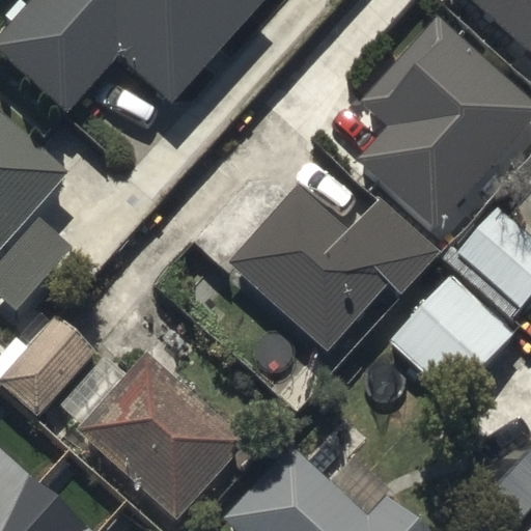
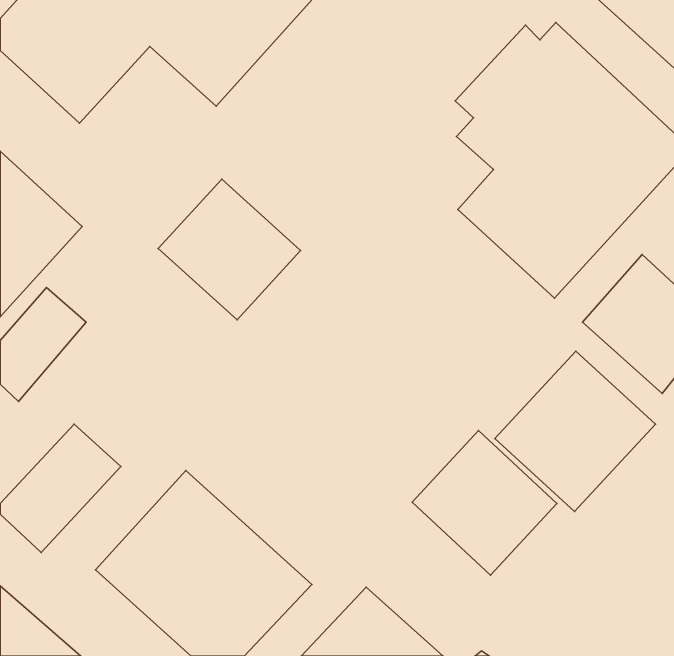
building: none -> [158,179,301,320]
building: [228,186,441,353] -> none
building: none -> [412,431,557,575]

